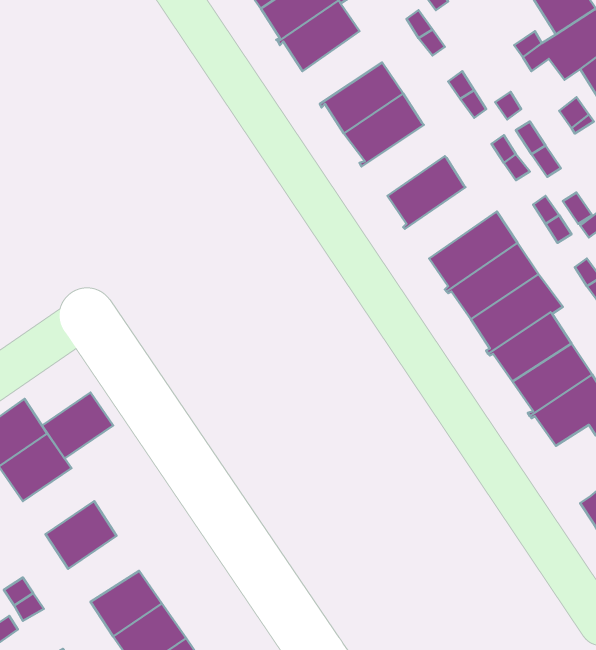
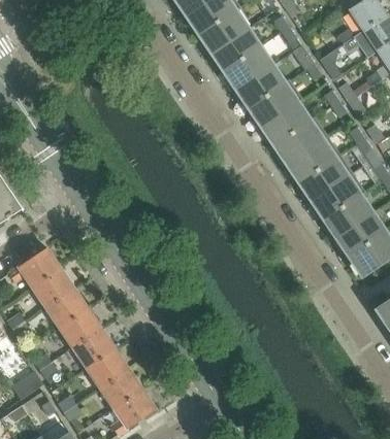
building: none -> [212,29,259,72]
building: none -> [247,78,303,127]
building: none -> [272,116,327,164]
building: [42,393,113,458] -> [45,289,88,328]
building: none -> [72,329,115,368]

